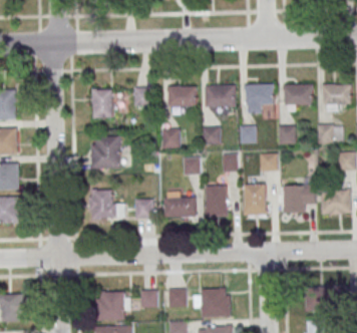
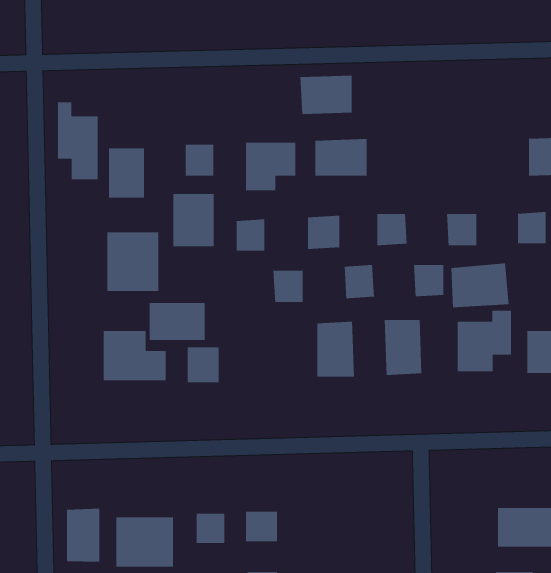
building: none -> [57,102,99,180]
building: [245,83,274,105] -> [300,75,352,115]
building: [284,83,313,105] -> none
building: none -> [173,193,214,247]
building: none -> [451,263,509,308]
building: [163,197,195,218] -> [149,302,205,341]
building: none -> [66,508,100,562]
building: [194,289,229,317] -> none

